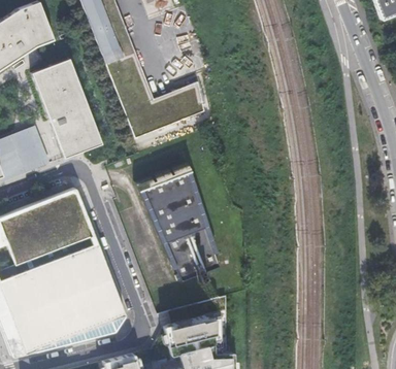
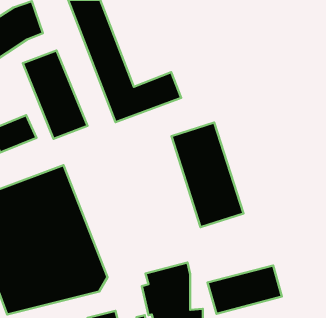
building: [141,164,223,282] -> [172,123,243,227]
building: none -> [207,266,282,314]

